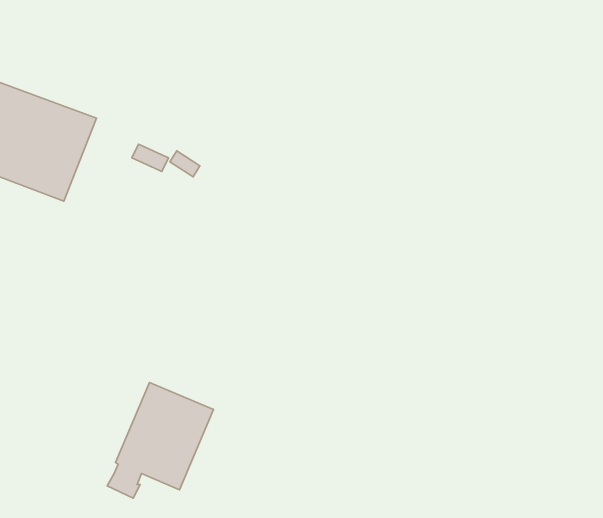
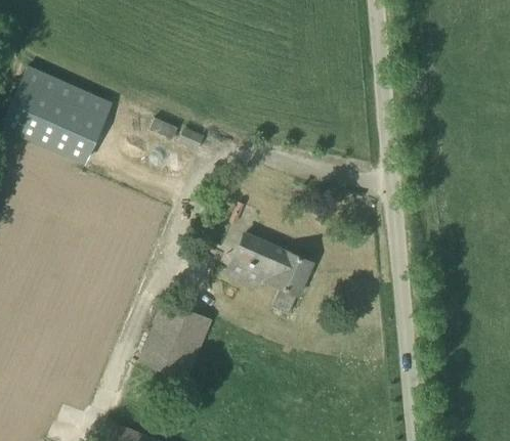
building: none -> [230,235,312,315]

